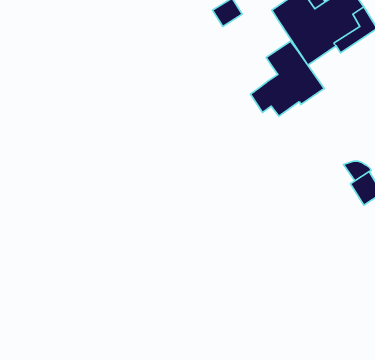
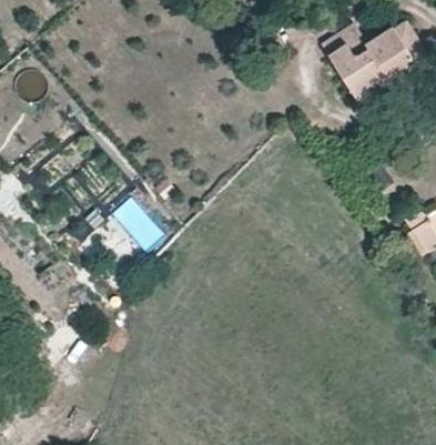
building: [250,41,324,116] -> none

